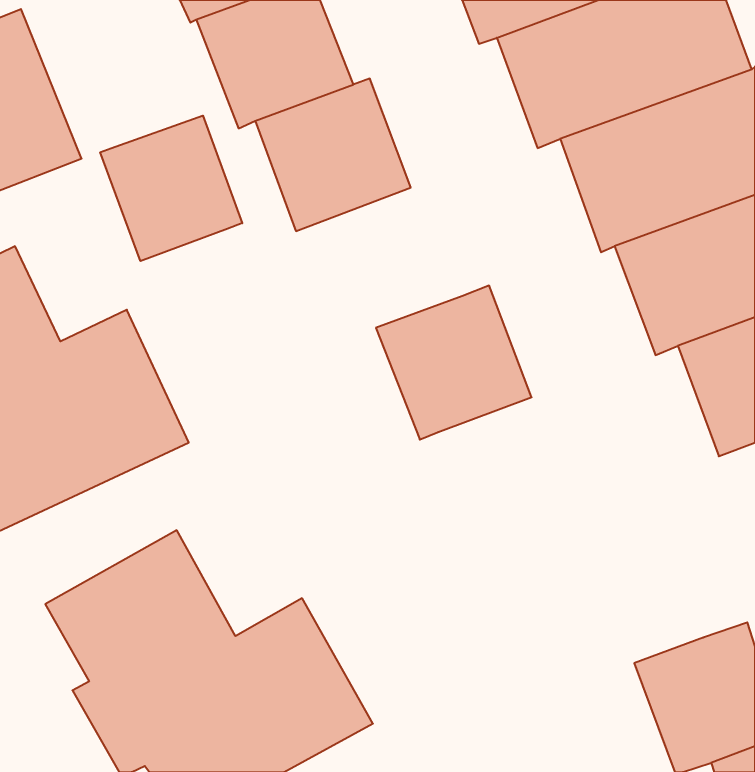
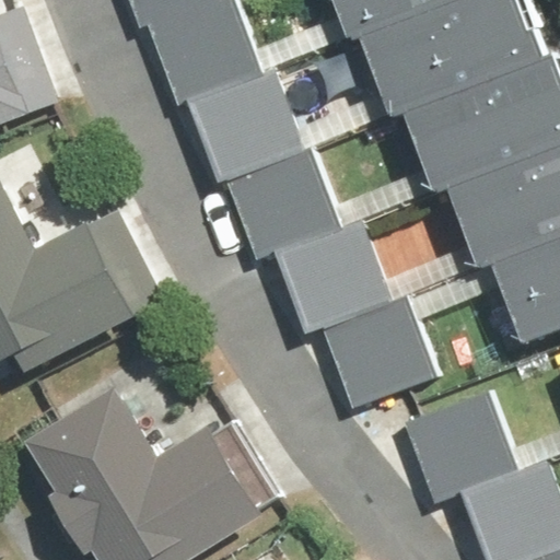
building: [100,116,242,261] -> none
building: none -> [223,133,335,245]
building: none -> [317,282,432,397]
building: none -> [397,381,510,492]

